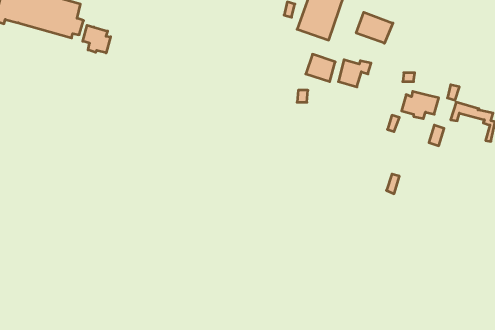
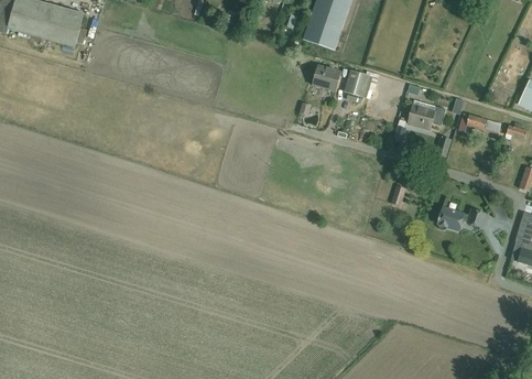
building: [356,12,393,43] -> none
building: [83,25,111,53] -> none
building: none -> [439,206,487,229]

